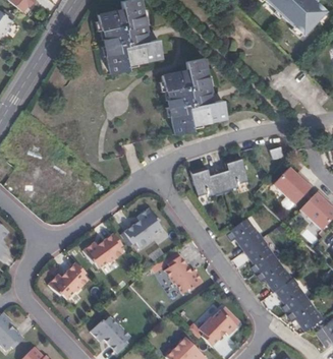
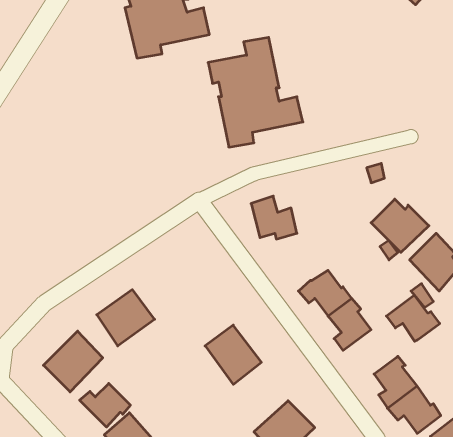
building: [219,158,246,192] -> none
building: [123,208,161,248] -> none
building: [255,258,291,290] -> [386,295,440,341]
building: none -> [80,383,130,427]

